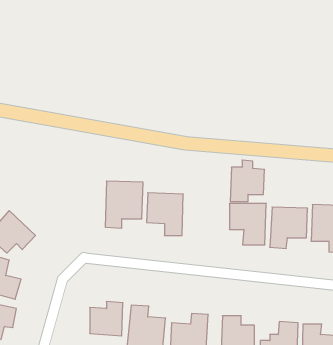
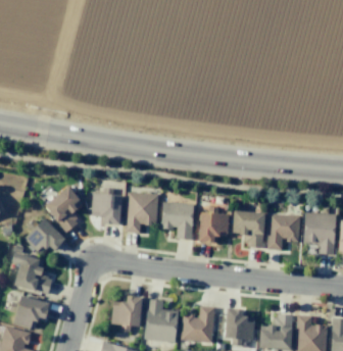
building: [230,160,265,201] -> [199,206,229,242]
building: none -> [45,186,82,233]
building: none -> [92,188,121,224]

